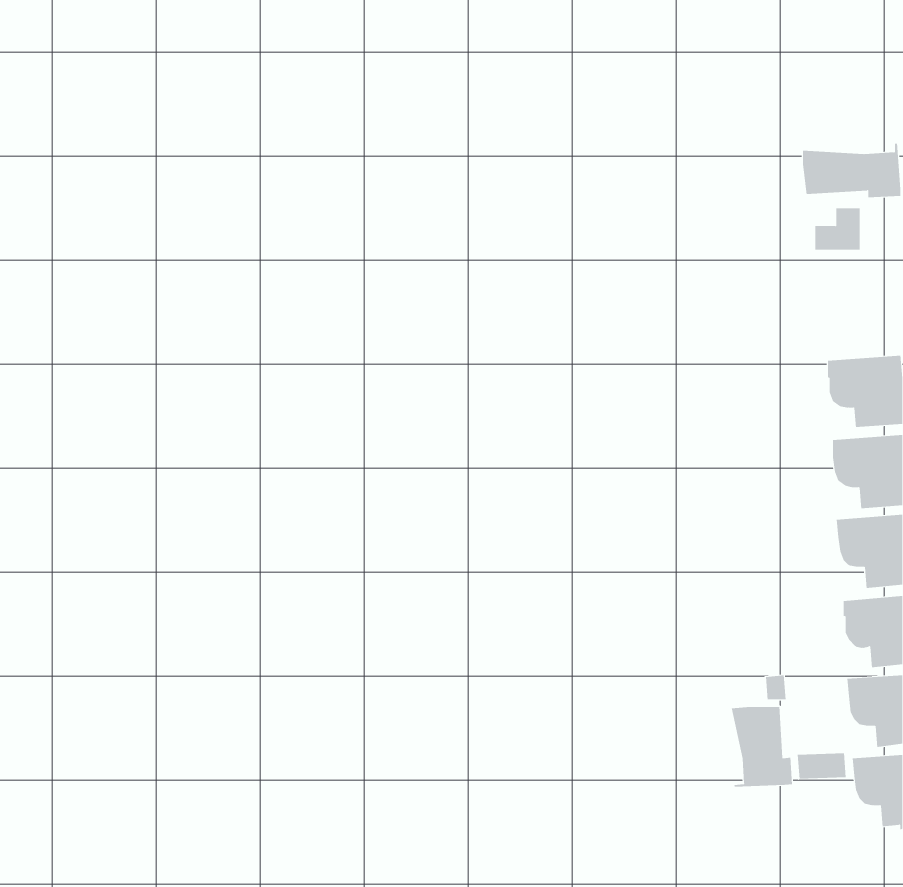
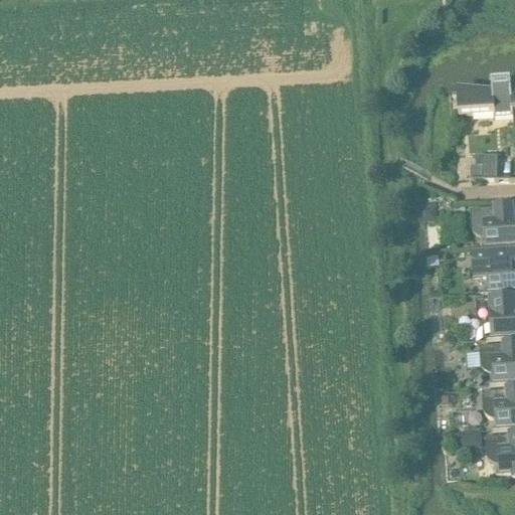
building: [814,208,860,250] -> [471,151,497,175]
building: [731,706,793,788] -> none

